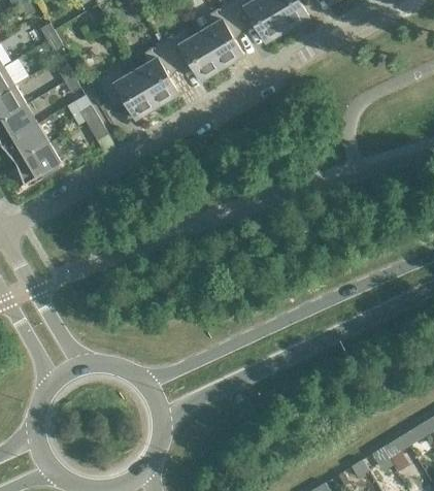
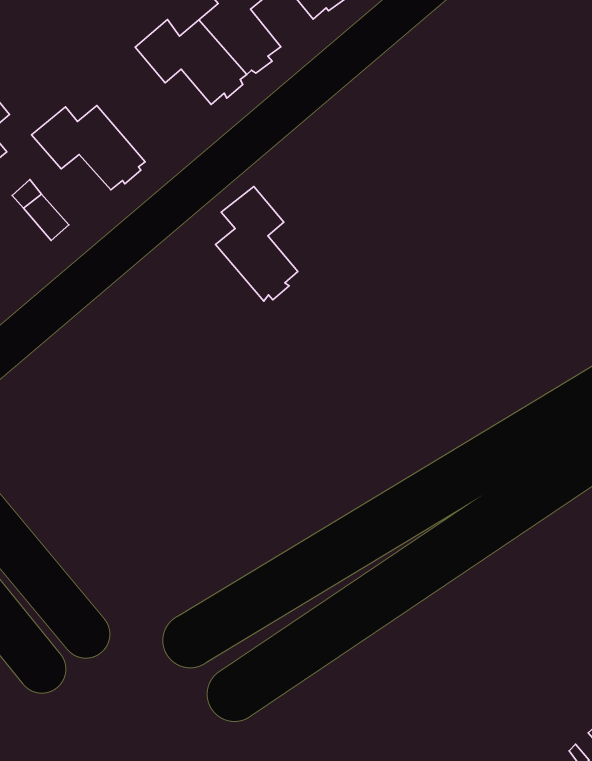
building: [135,41,178,106] -> [216,186,298,301]

